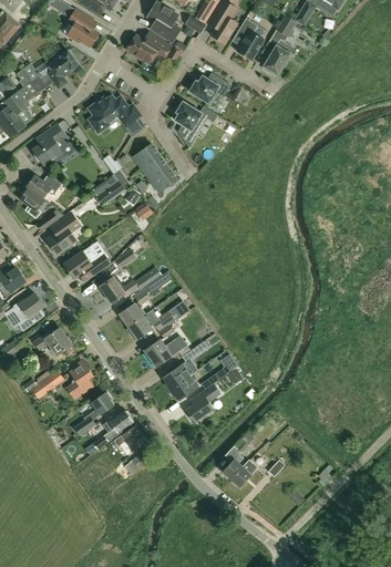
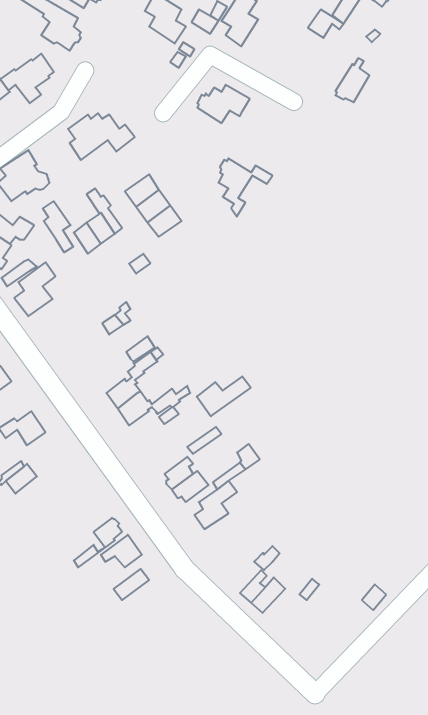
building: [237,18,264,60] -> none
building: [127,32,171,62] -> none
building: [264,40,290,74] -> [335,58,369,102]
building: [175,101,217,146] -> [218,158,272,217]
building: none -> [43,201,73,252]
building: [64,250,110,280] -> none
building: [99,276,137,302] -> none
building: [145,334,187,365] -> [197,376,251,416]
building: [65,361,94,400] -> none
building: [74,391,114,434] -> none

